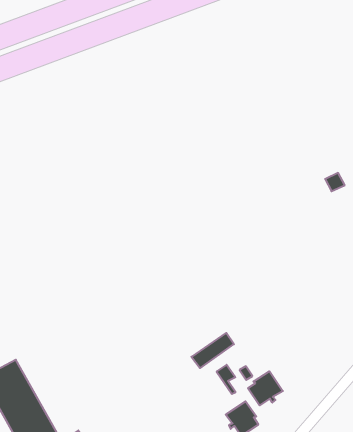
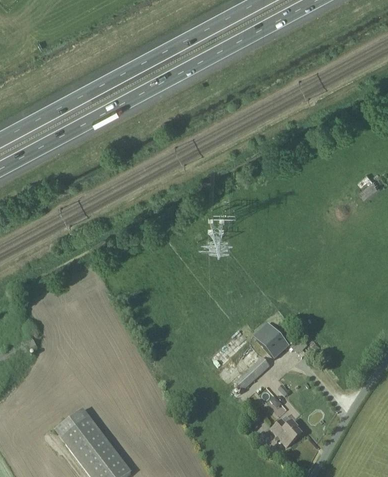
building: none -> [254,323,291,360]
building: [248,371,283,405] -> none

